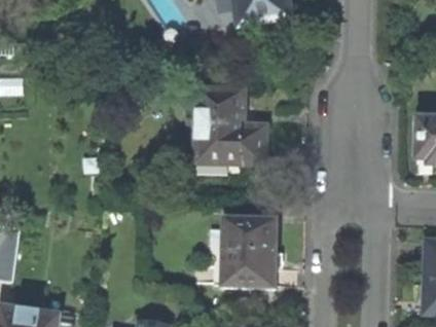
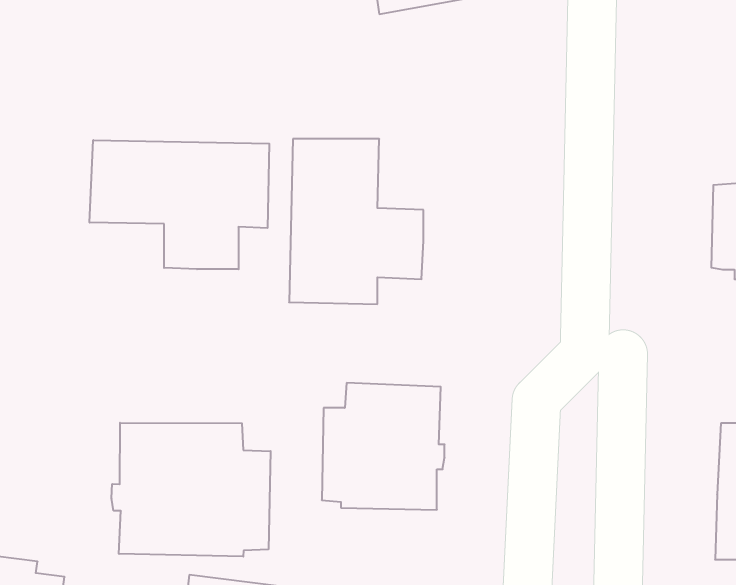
building: none -> [90,140,269,269]
building: none -> [112,423,271,557]

